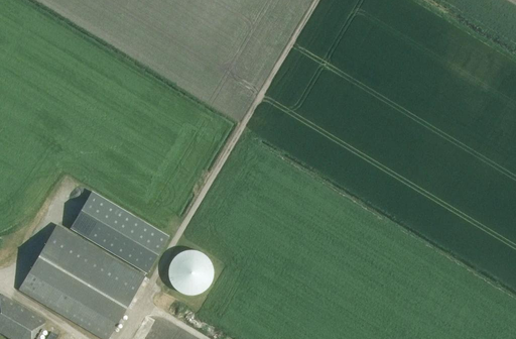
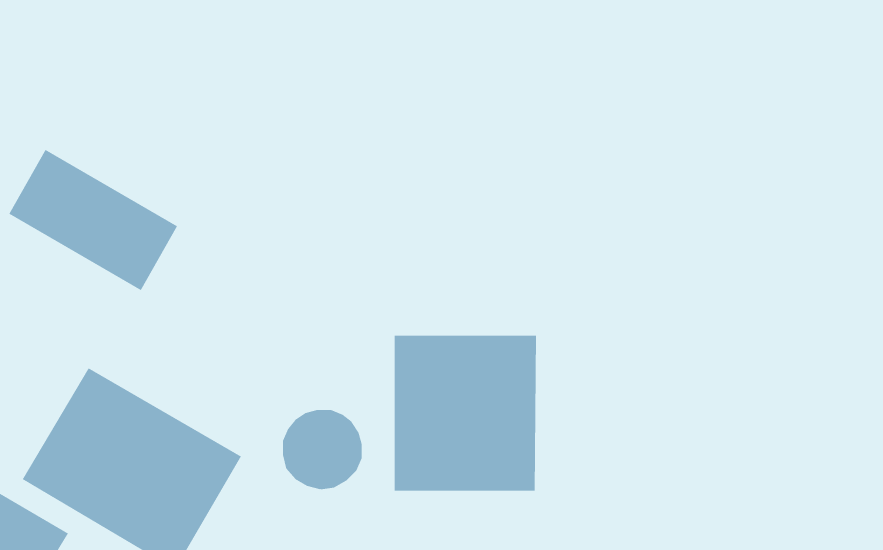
building: [71,192,168,273] -> [8,149,178,291]
building: none -> [394,335,537,491]

